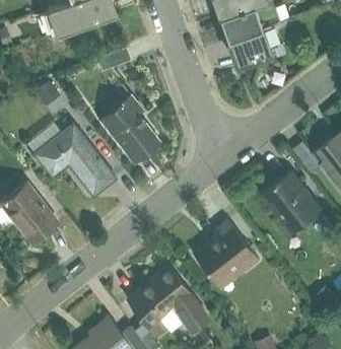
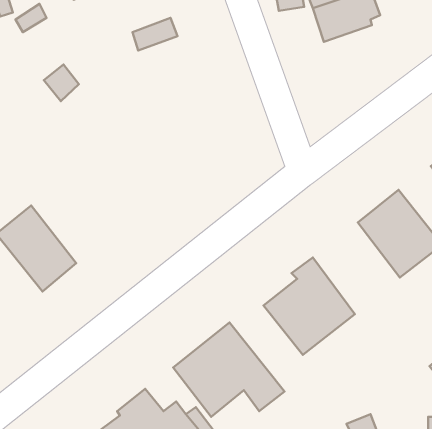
building: [99,96,160,165] -> none
building: [27,125,116,198] -> none

